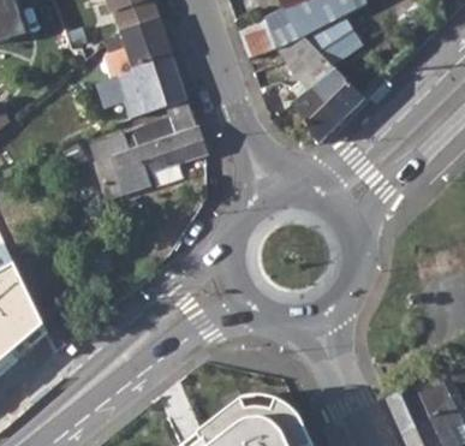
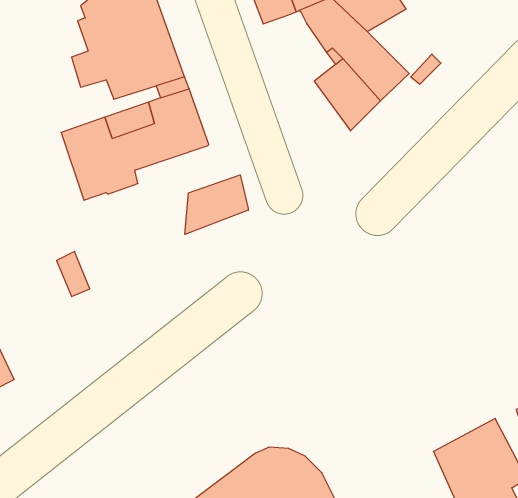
building: none -> [185,175,248,234]

